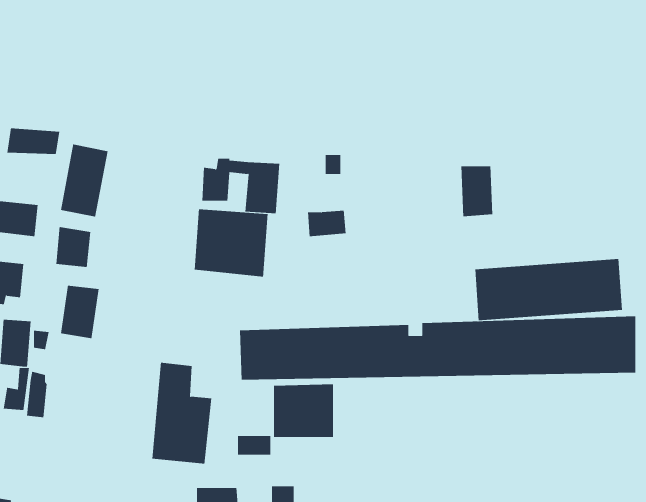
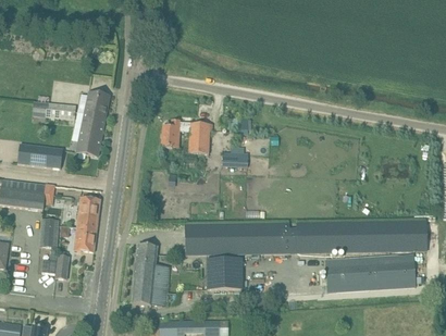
building: none -> [84,90,110,115]
building: [461,165,493,217] -> none
building: [194,209,268,277] -> none
building: [55,226,91,268] -> [74,226,96,251]
building: [474,258,623,321] -> [325,253,416,291]

